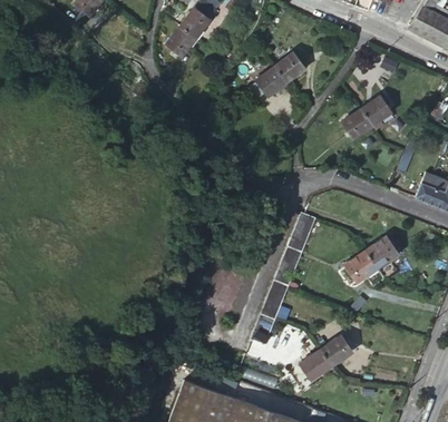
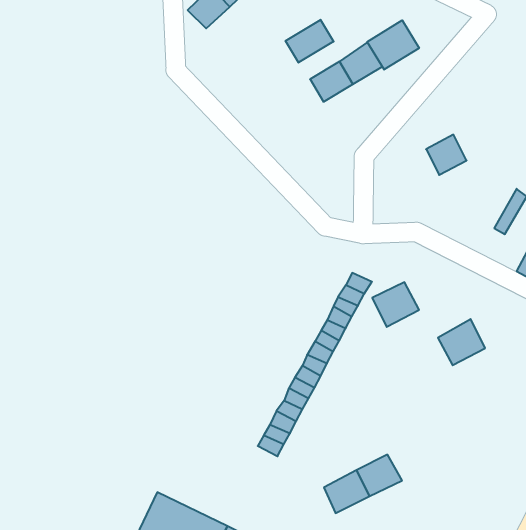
building: none -> [367,20,419,70]
building: none -> [286,20,334,63]
building: [360,96,390,130] -> none
building: [344,251,378,283] -> [372,282,419,327]

